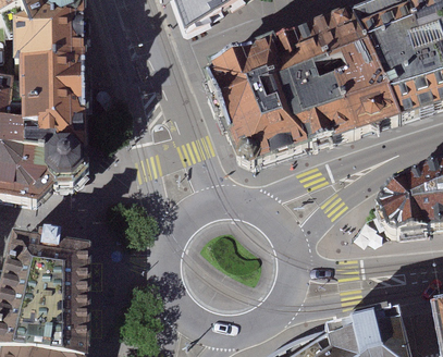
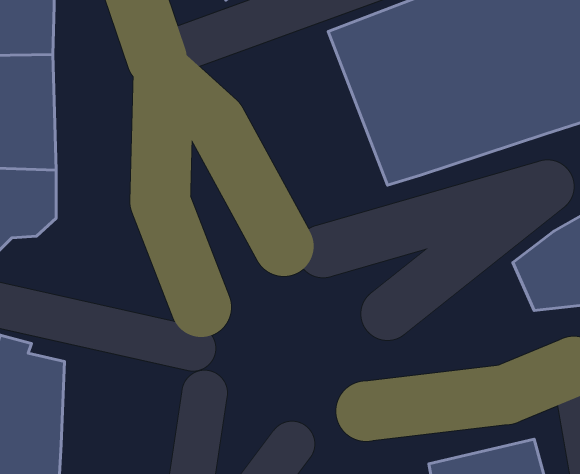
building: [208,42,298,156] -> none

